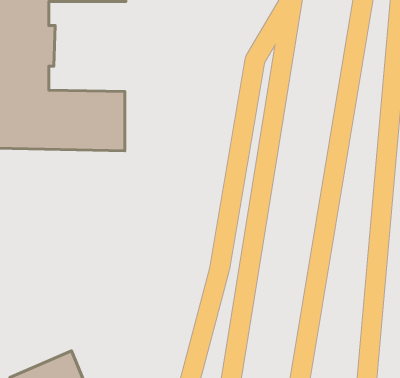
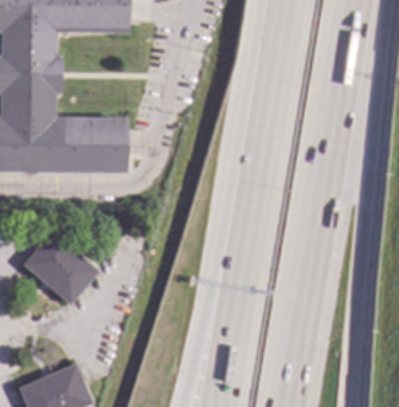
building: none -> [23,230,99,304]

